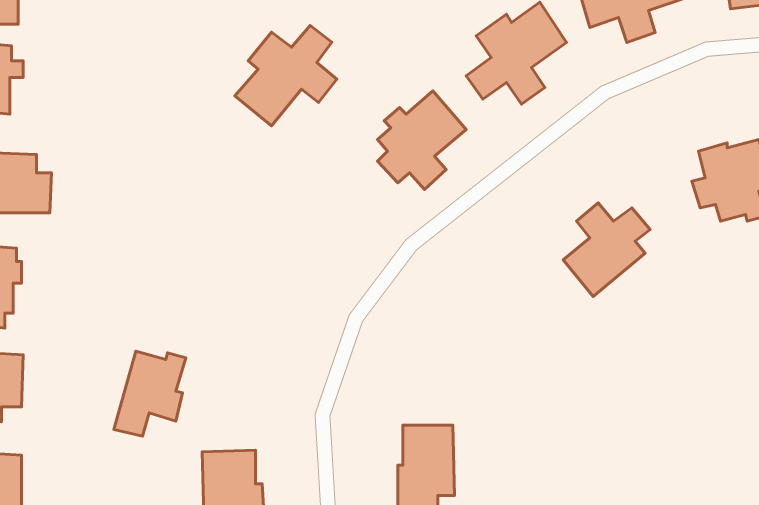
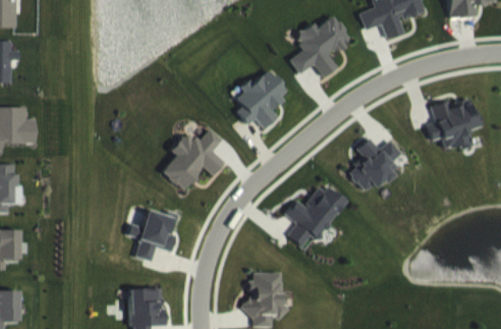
building: [235,26,337,126] -> [162,128,224,189]
building: none -> [284,185,347,245]
building: [114,351,186,436] -> [133,209,177,261]

